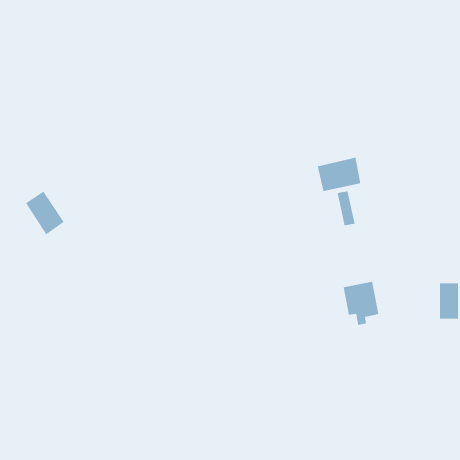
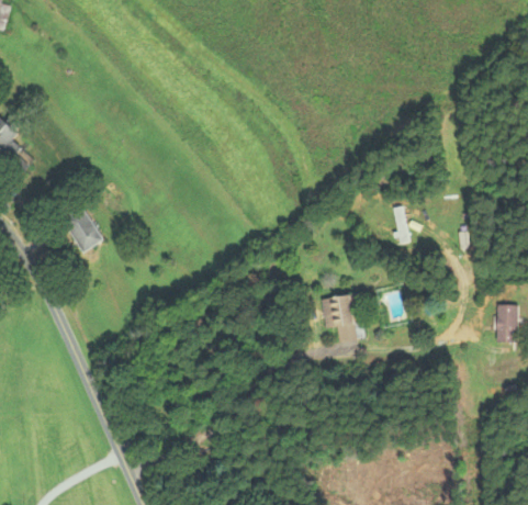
building: [317,157,361,192] -> none
building: [343,281,379,326] -> [324,293,362,340]

